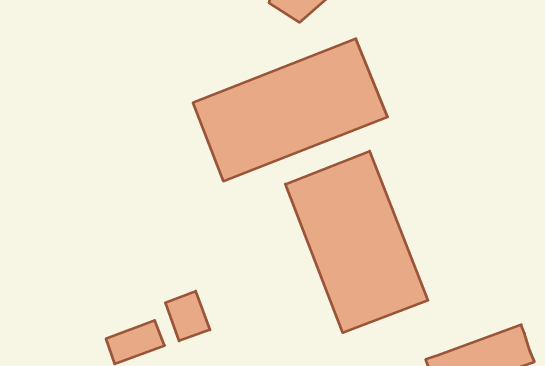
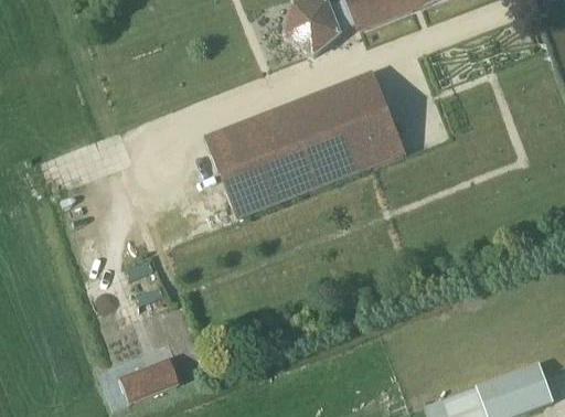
building: [285,151,428,333] -> none
building: [165,291,210,341] -> none

